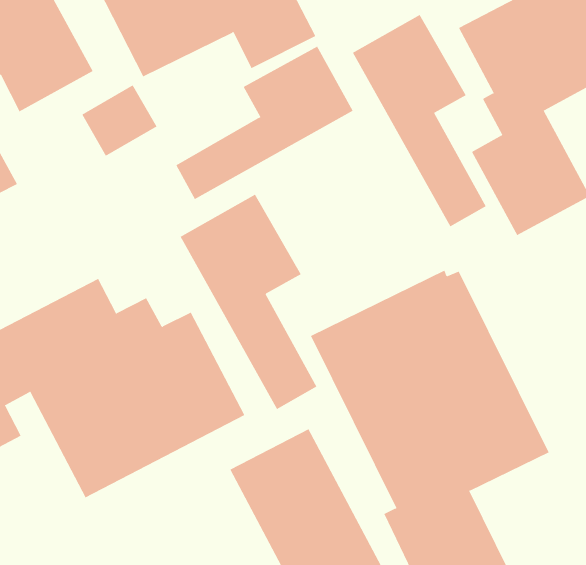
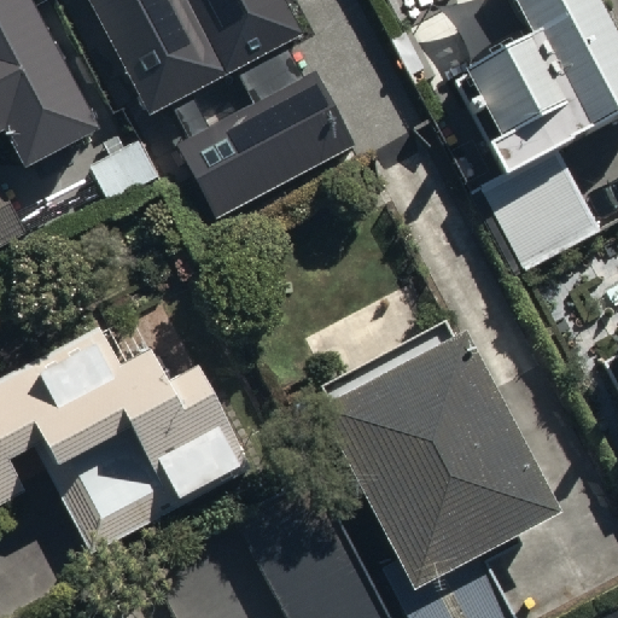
building: [352,14,486,227] -> none
building: [180,194,317,410] -> none

